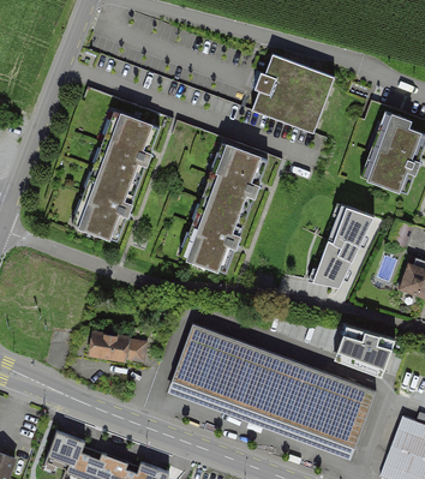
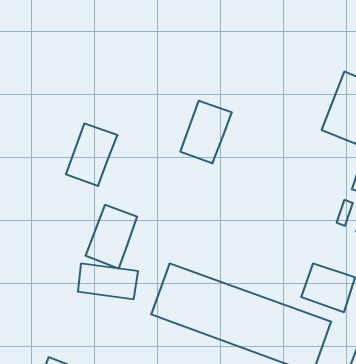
building: [250,53,336,134] -> none
building: [96,112,154,182] -> none
building: [306,198,375,288] -> none
building: [181,200,239,271] -> [85,205,137,269]

